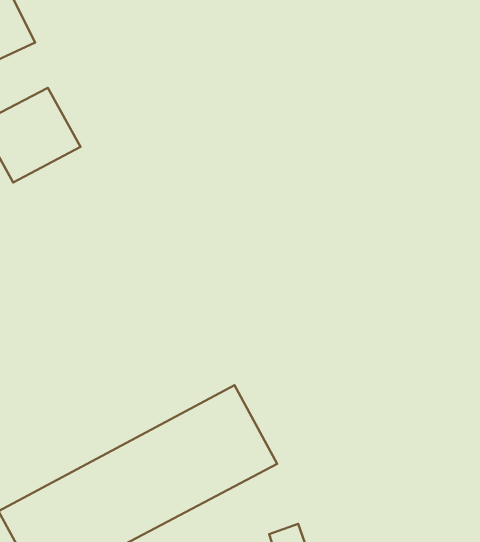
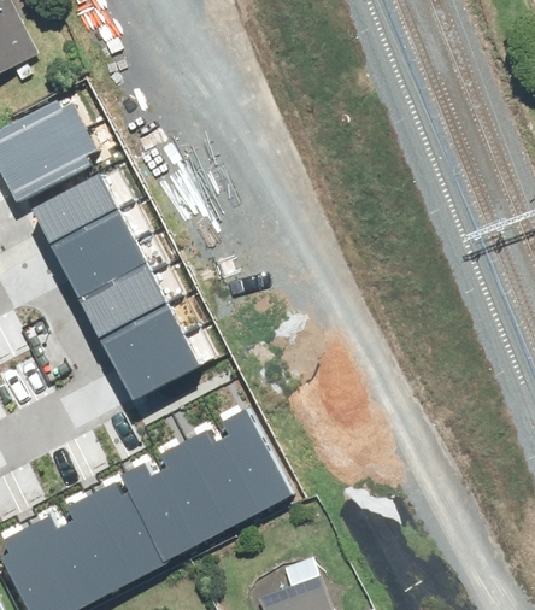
building: none -> [33,169,212,399]

